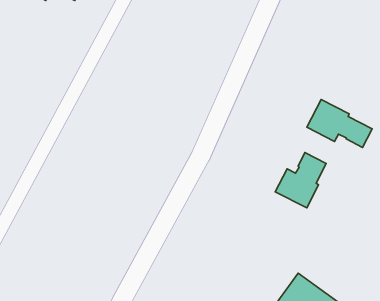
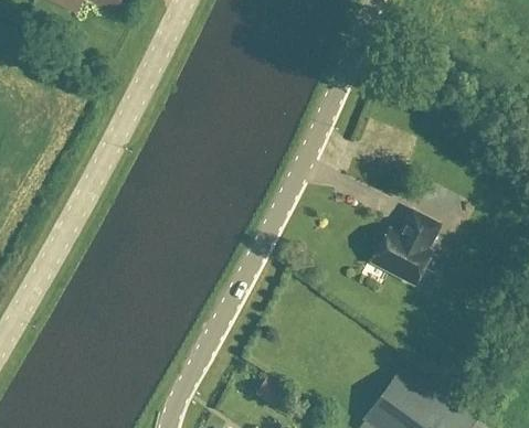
building: [307,99,372,148] -> none

